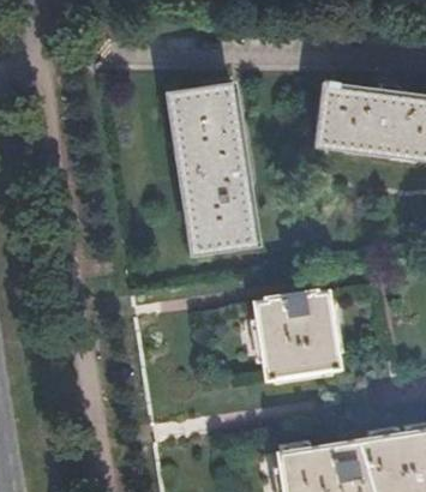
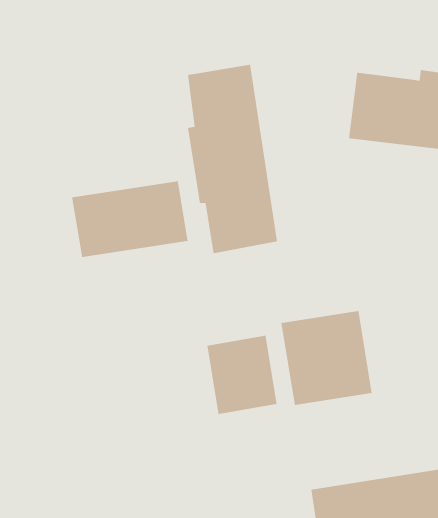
building: none -> [72,181,188,258]
building: none -> [207,335,277,415]

